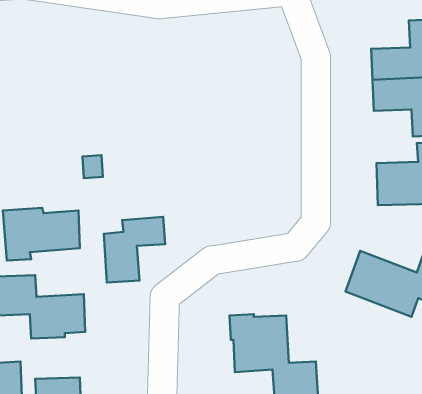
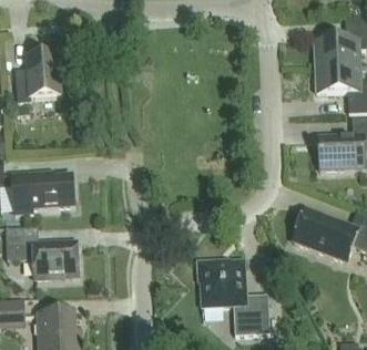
building: none -> [14,53,59,103]
building: [104,217,165,283] -> none

